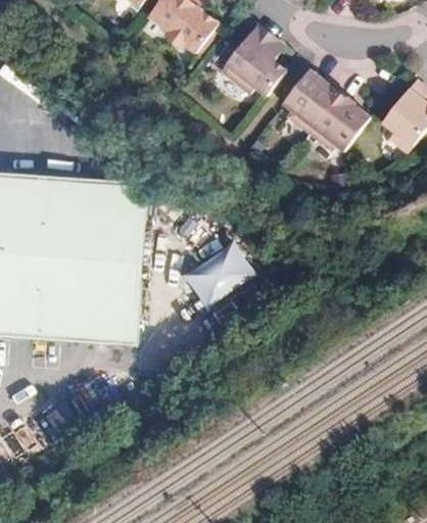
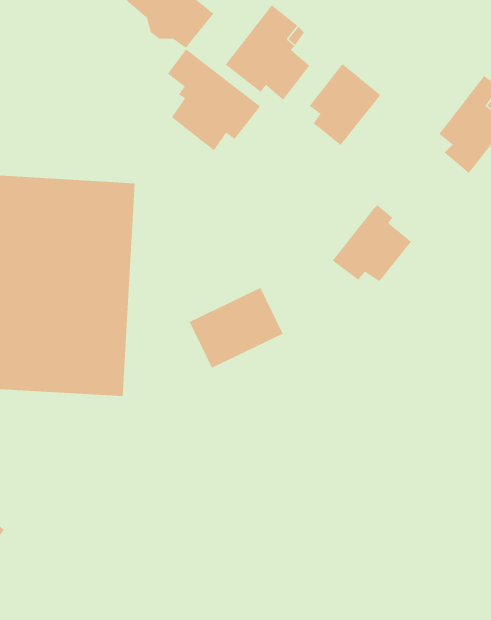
building: none -> [167,48,261,151]
building: [304,94,366,153] -> [332,204,412,282]

